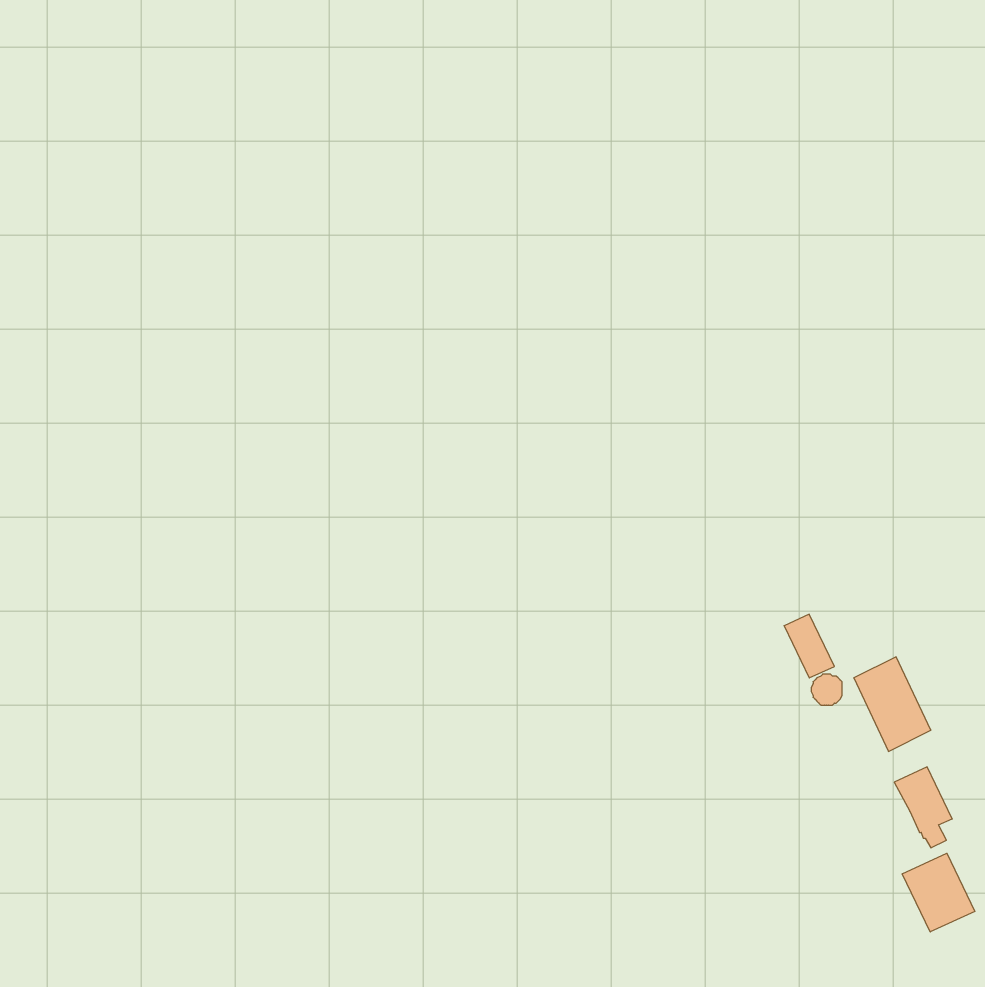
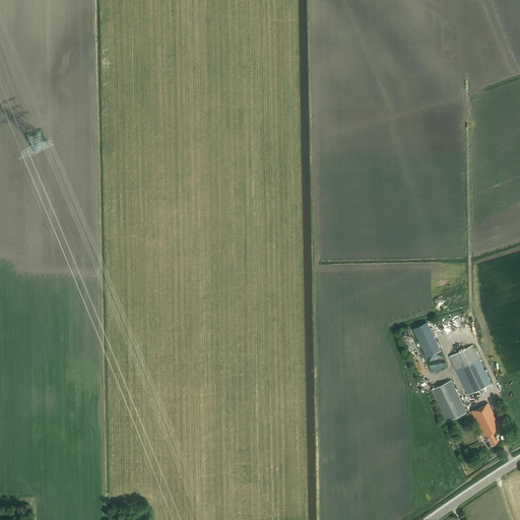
building: none -> [431,380,466,422]
building: [902,853,975,932] -> none

